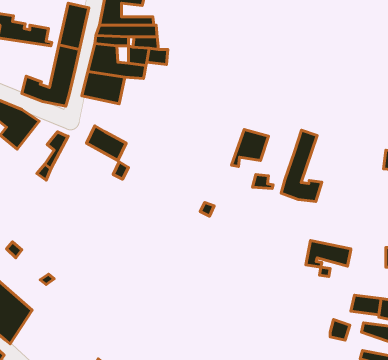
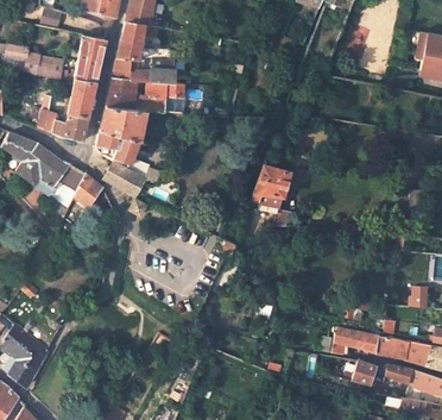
building: none -> [97,132,158,182]
building: none -> [33,158,71,199]
building: [281,130,322,202] -> none
building: none -> [74,174,103,208]
building: [306,241,351,267] -> [333,327,379,355]

